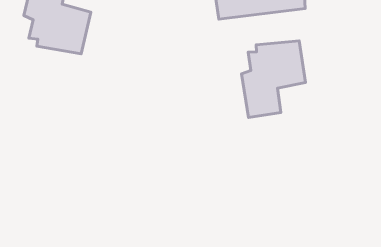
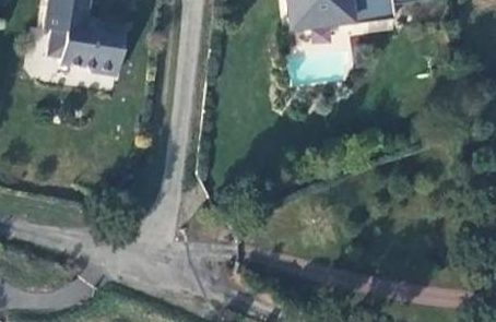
building: [242,41,305,118] -> none

